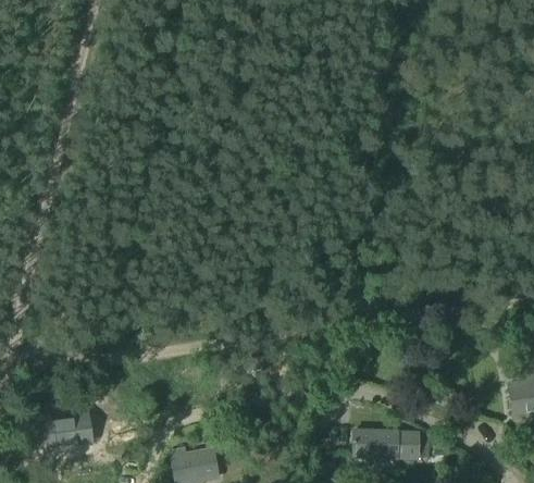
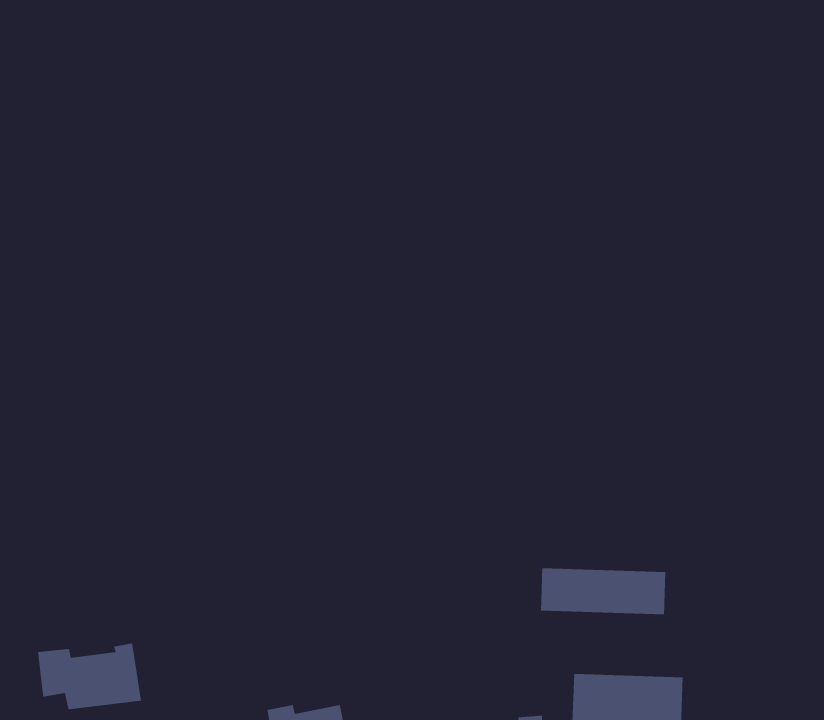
building: none -> [541,568,666,615]

